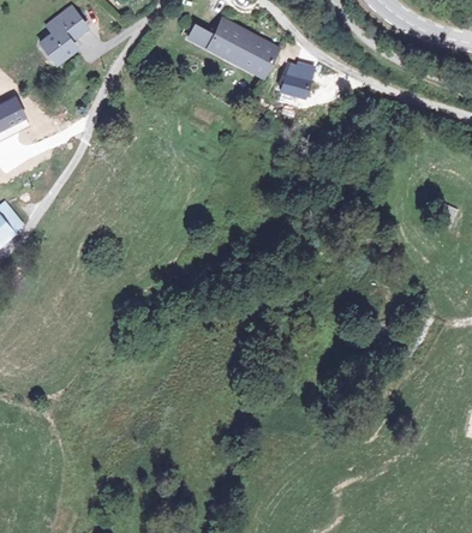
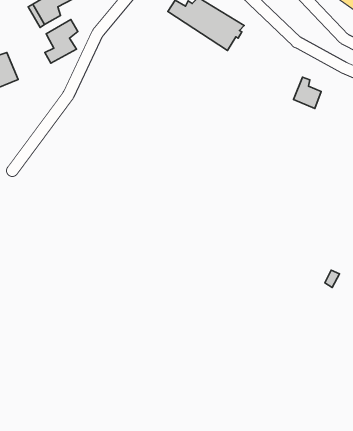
building: none -> [45,19,78,63]
building: [279,66,309,100] -> [293,77,321,108]

